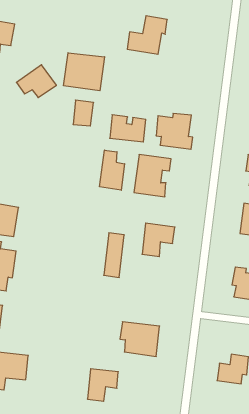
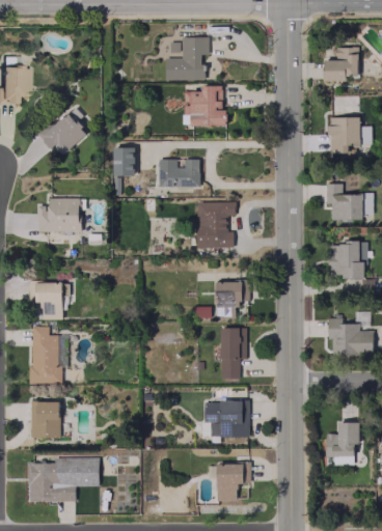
building: [64,53,105,91] -> none
building: [156,113,193,149] -> [184,85,228,125]
building: none -> [38,198,81,232]
building: [100,150,125,190] -> none
building: [104,233,124,277] -> [221,328,241,379]
building: [87,369,118,401] -> [217,464,251,501]

